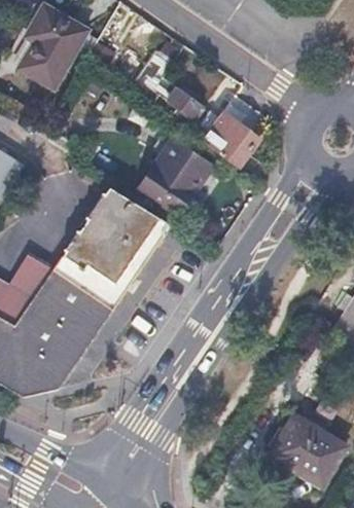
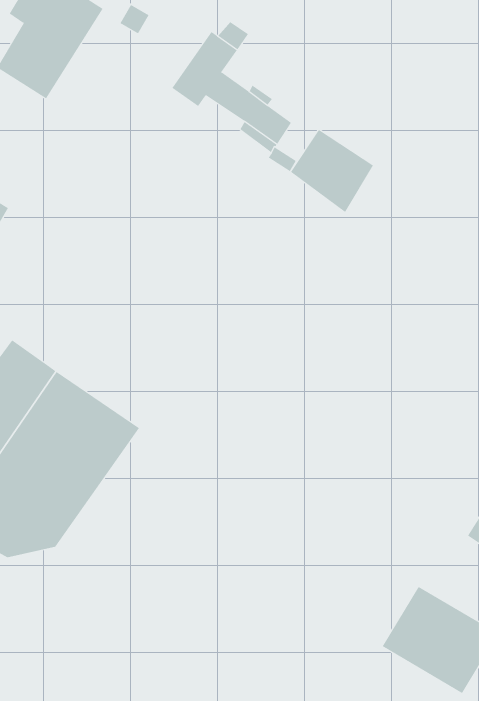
building: [140,137,214,213] -> none
building: [51,187,173,310] -> none

